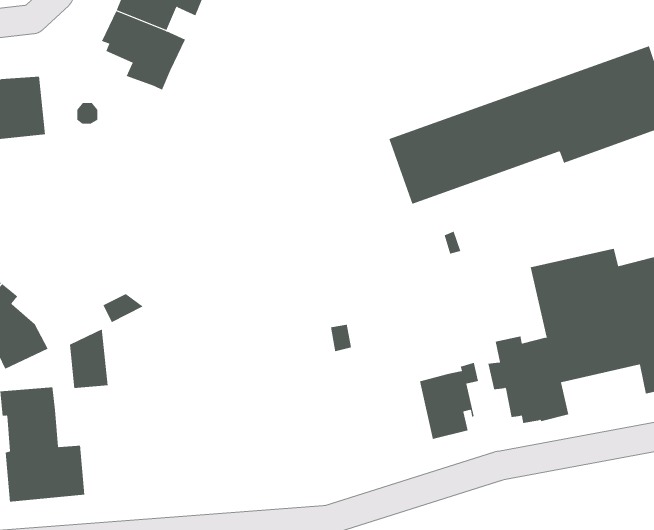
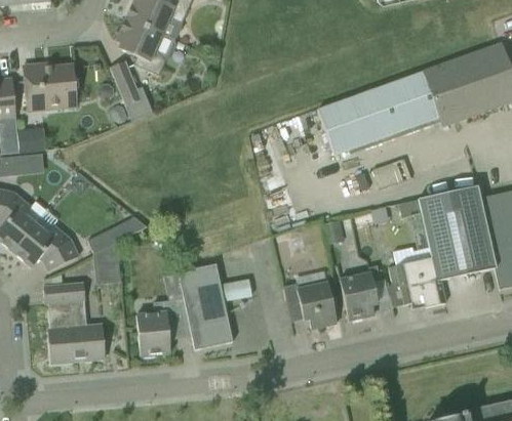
building: none -> [110,60,153,121]
building: none -> [136,263,233,357]
building: none -> [283,282,337,328]

